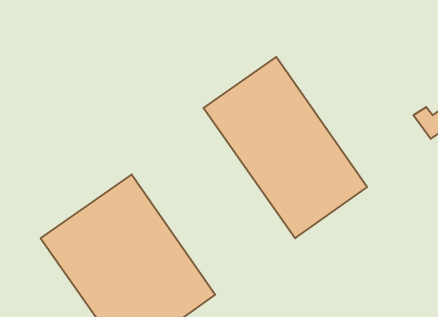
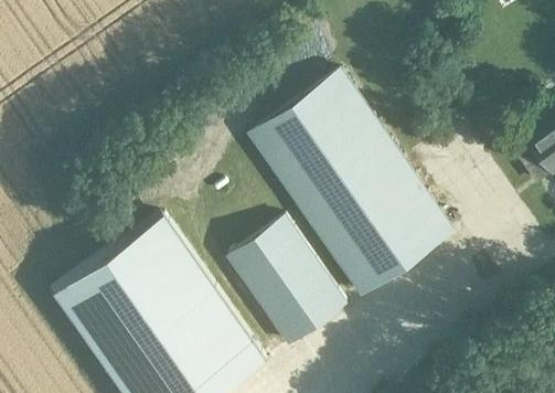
building: none -> [228,217,348,344]

